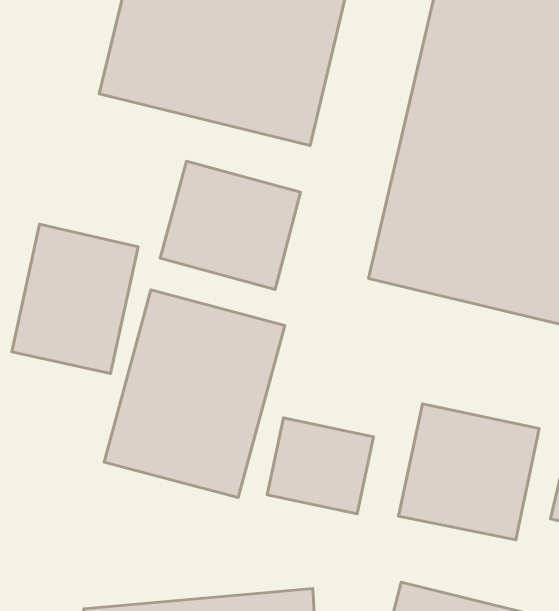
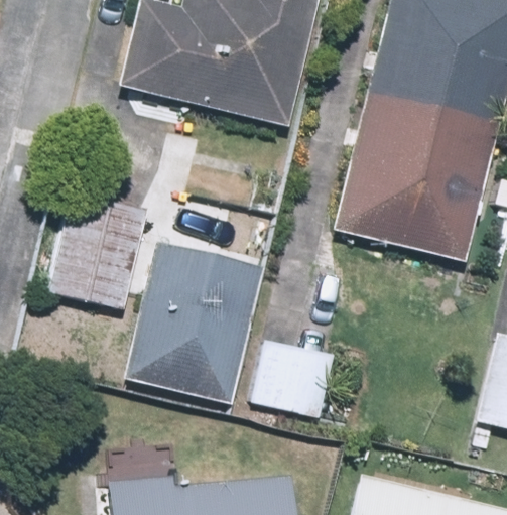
building: [160,161,300,290] -> none
building: [399,404,539,540] -> none

